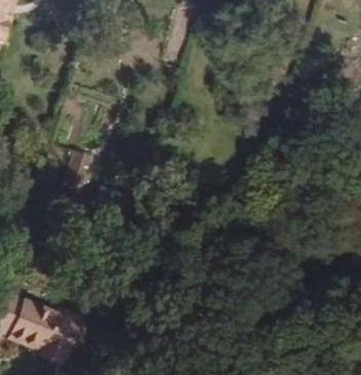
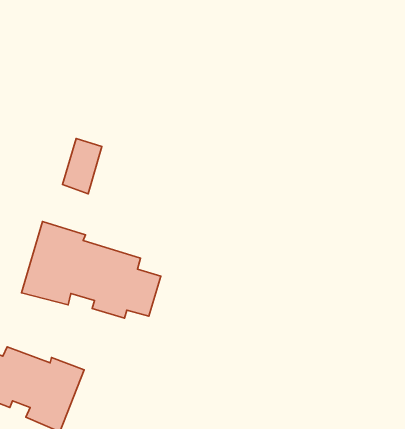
building: none -> [22,222,161,318]

